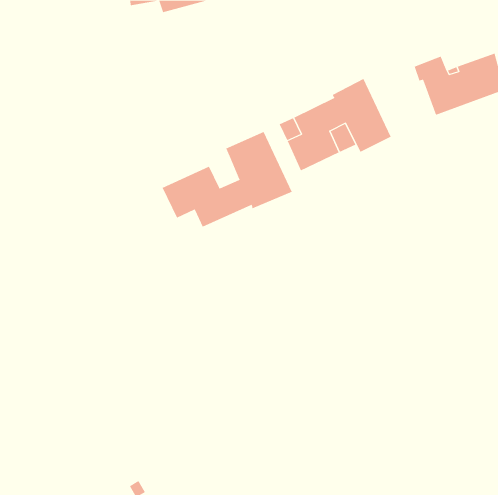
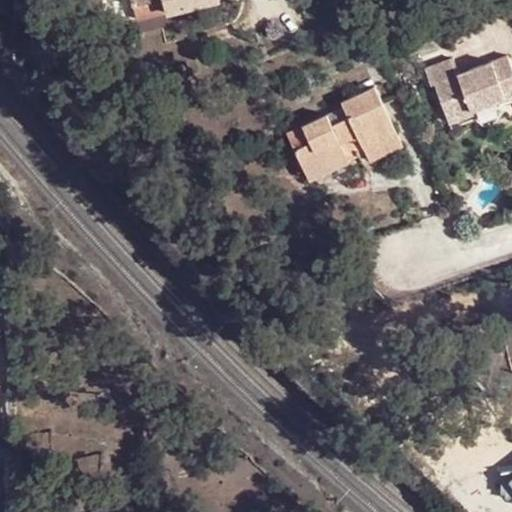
building: [162,131,292,228] -> none

